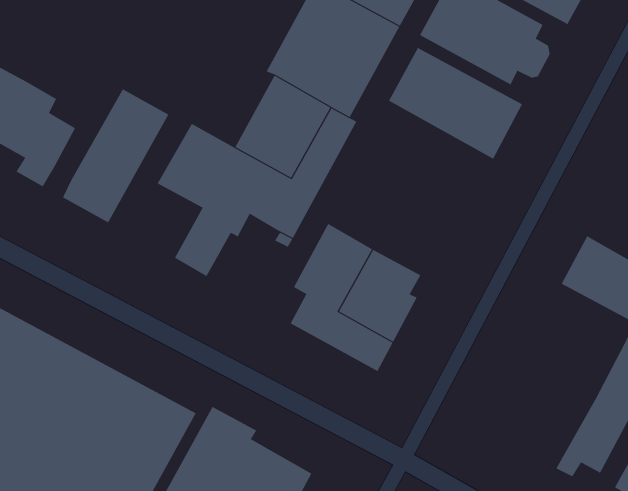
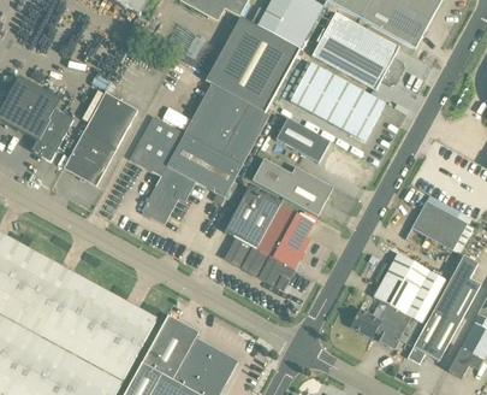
building: none -> [274,117,329,161]
building: none -> [251,158,332,216]
building: none -> [350,253,446,347]

